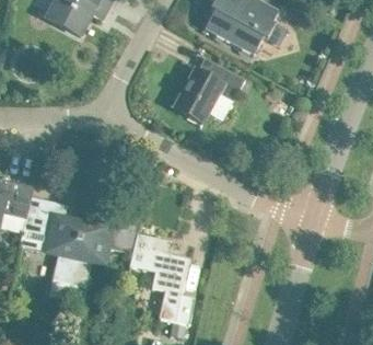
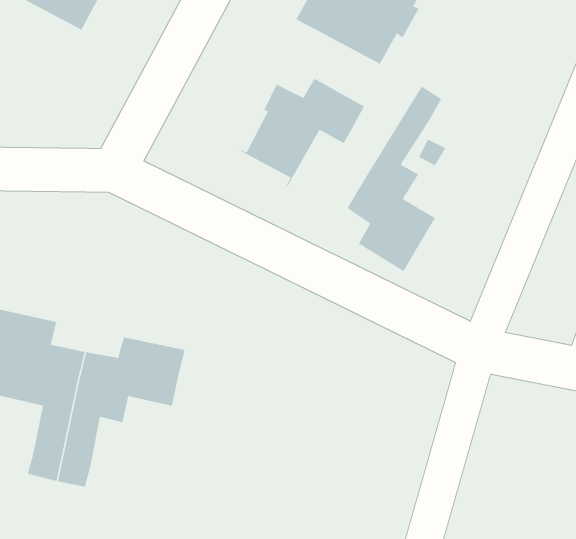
building: none -> [346,86,442,272]
building: [129,233,194,324] -> none

